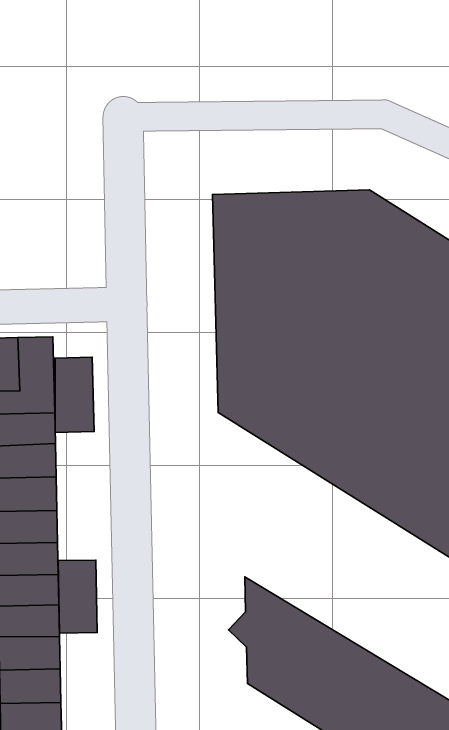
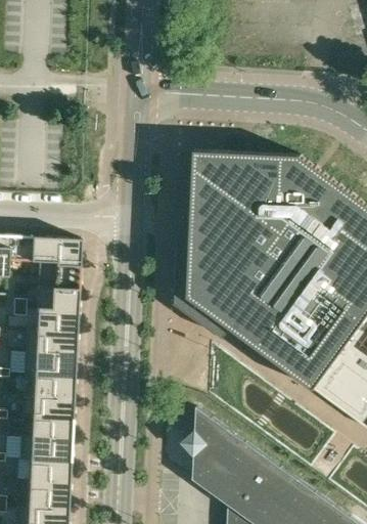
building: [55,357,94,432] -> none
building: [58,560,97,633] -> none

